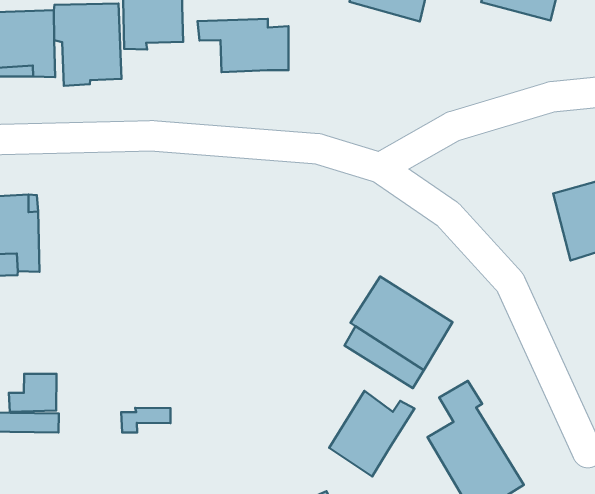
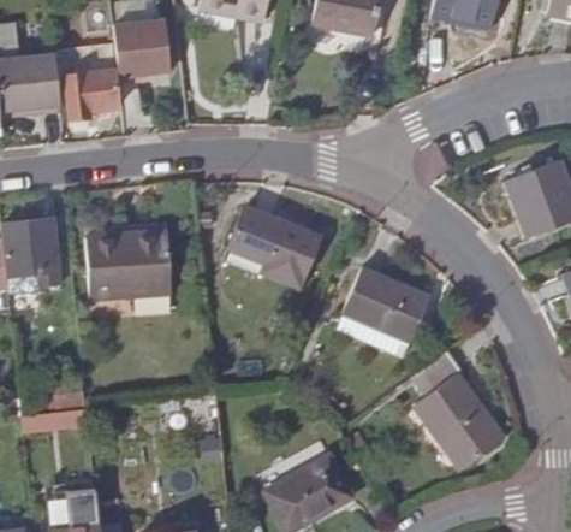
building: [198,19,288,72] -> none
building: none -> [232,207,325,288]
building: none -> [84,229,174,300]
building: [329,391,415,476] -> none

